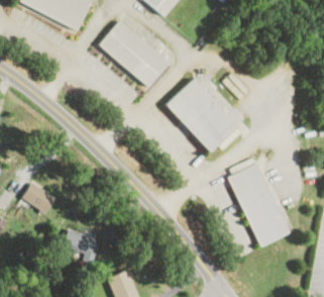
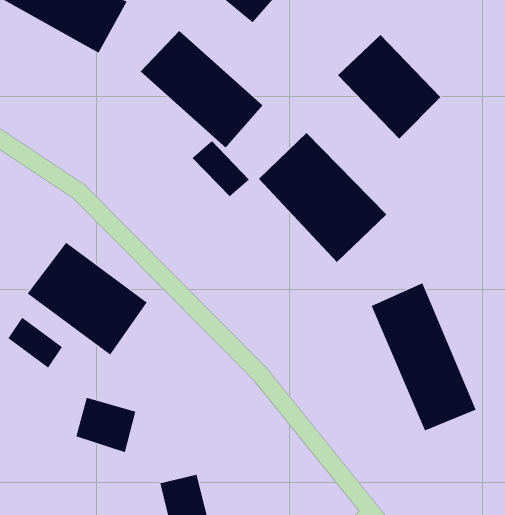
building: none -> [337,34,441,140]
building: none -> [192,140,250,197]
building: none -> [27,242,148,355]

